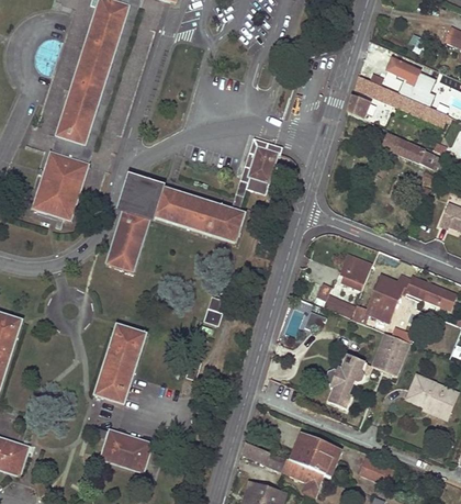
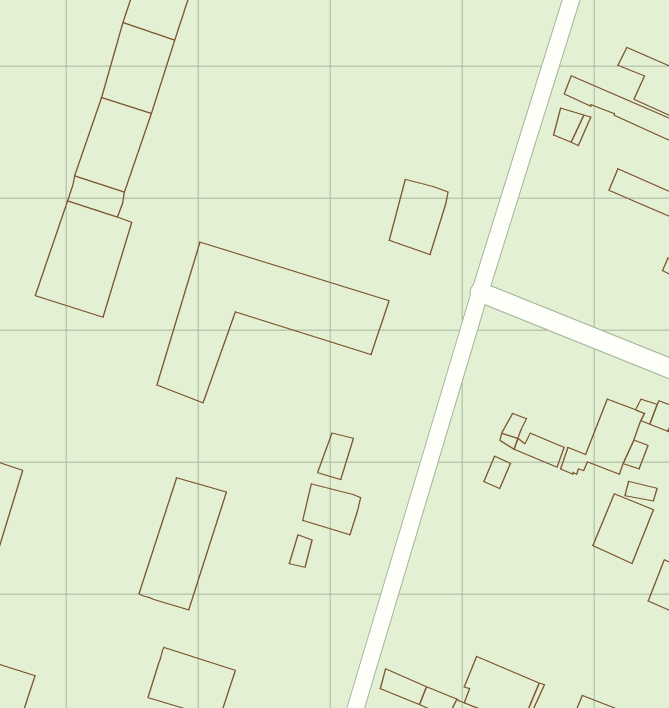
building: [340,254,371,289] -> none
building: none -> [303,484,360,535]
building: [325,354,363,408] -> none

